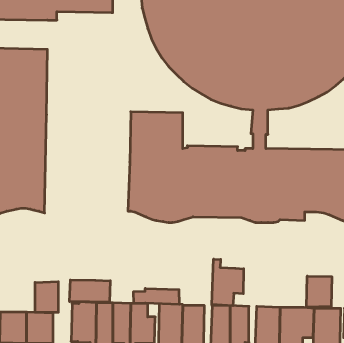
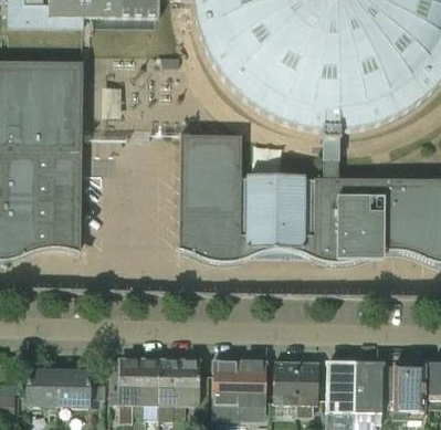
building: [212,259,244,306] -> none
building: [307,276,332,307] -> none
building: [70,280,110,302] -> none
building: [35,282,58,312] -> none
building: [134,288,179,304] -> none

